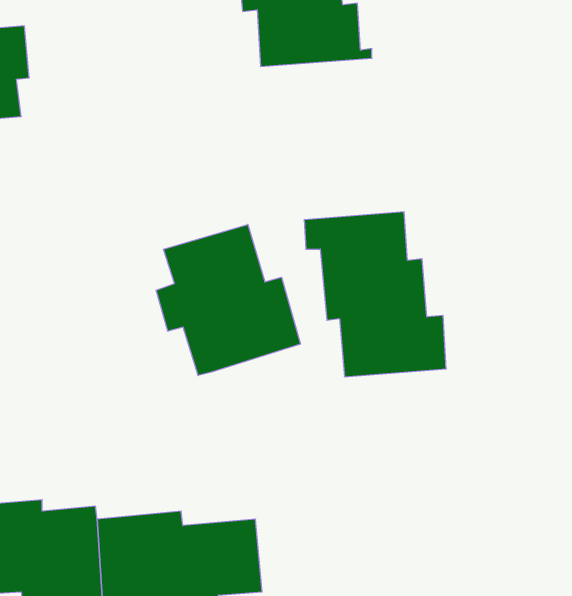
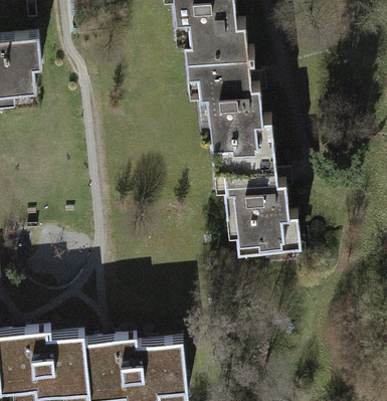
building: none -> [185,57,274,158]
building: [156,224,301,376] -> none

